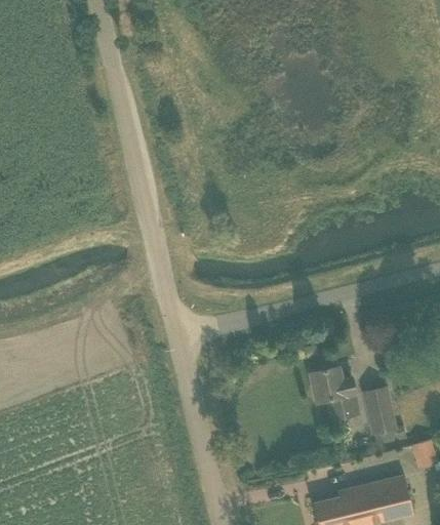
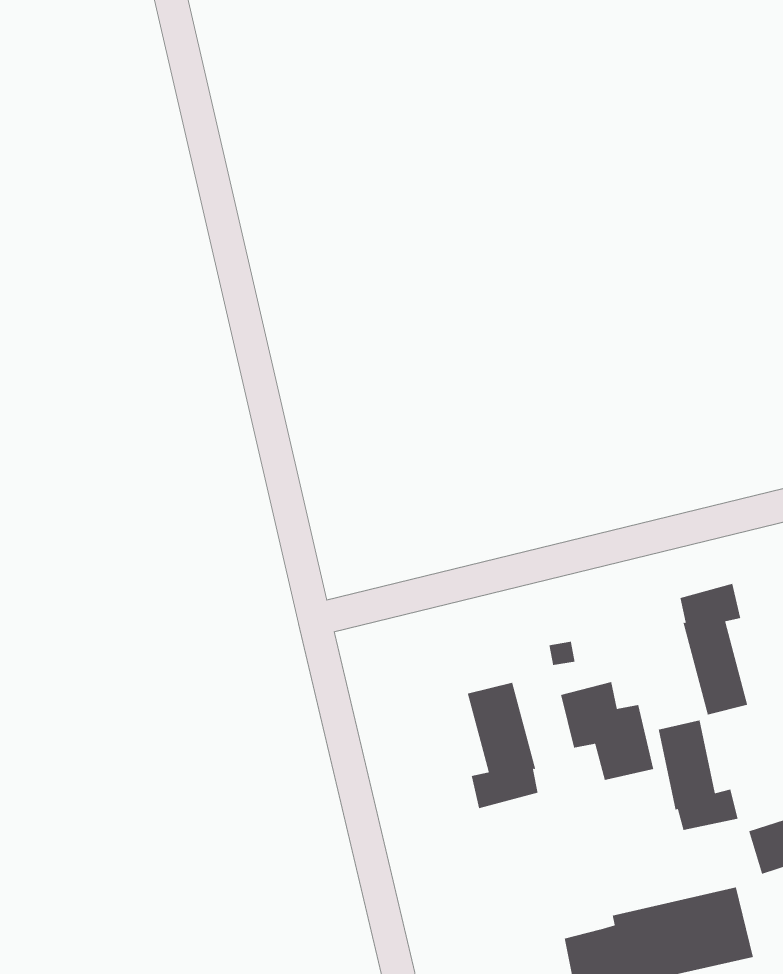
building: none -> [679,583,748,715]
building: none -> [467,682,539,809]

